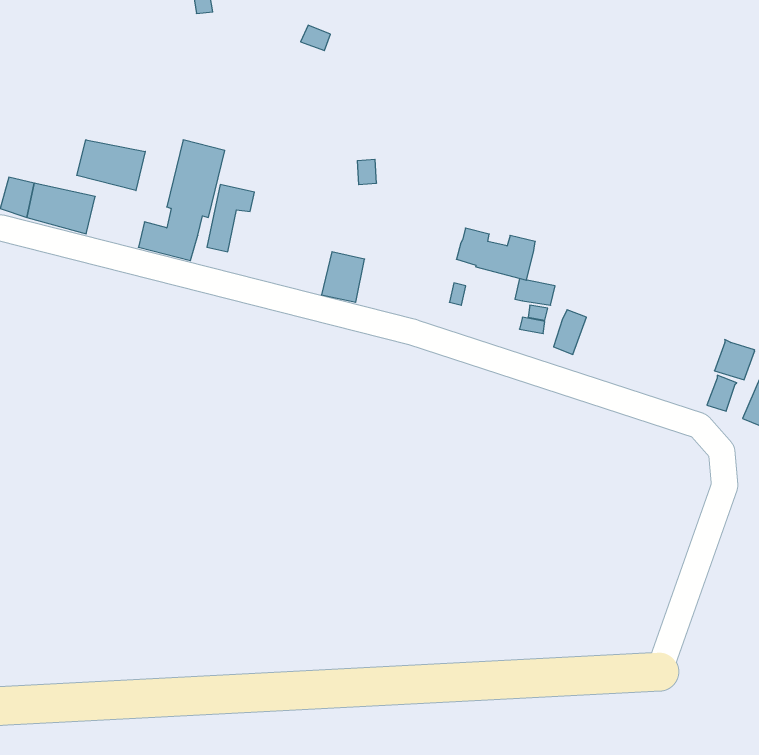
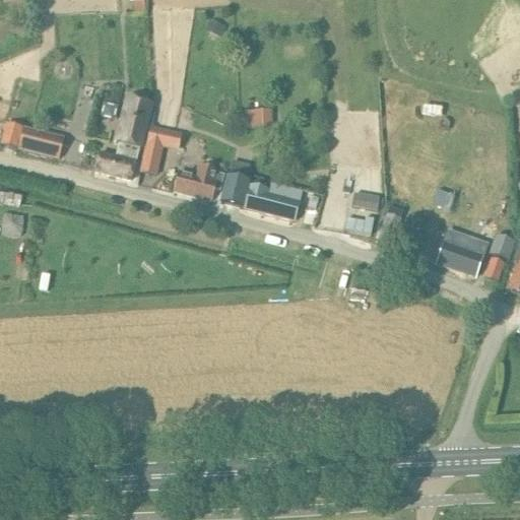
building: [77,140,145,191] -> none
building: [456,228,535,280] -> [247,184,301,219]
building: none -> [175,164,224,198]
building: none -> [438,241,484,274]

